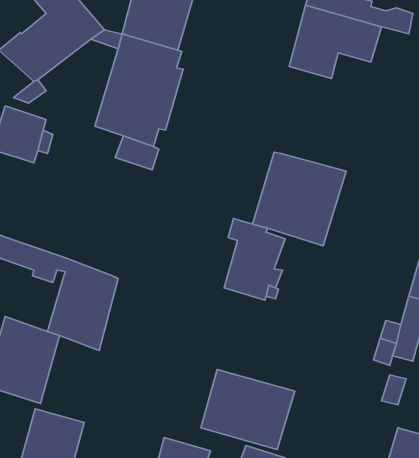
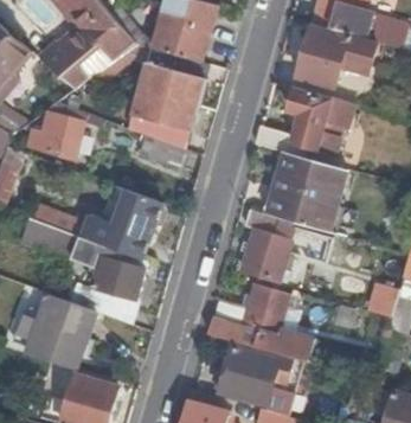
building: none -> [253,86,355,153]
building: none -> [50,185,163,258]
building: none -> [205,283,313,360]

